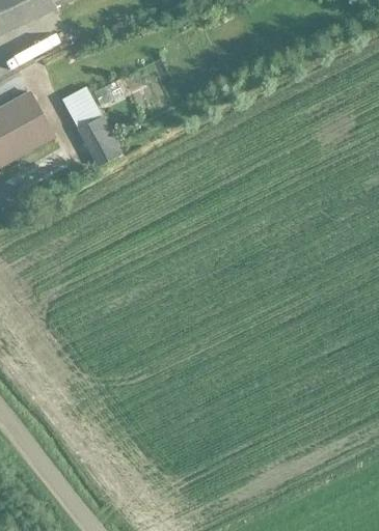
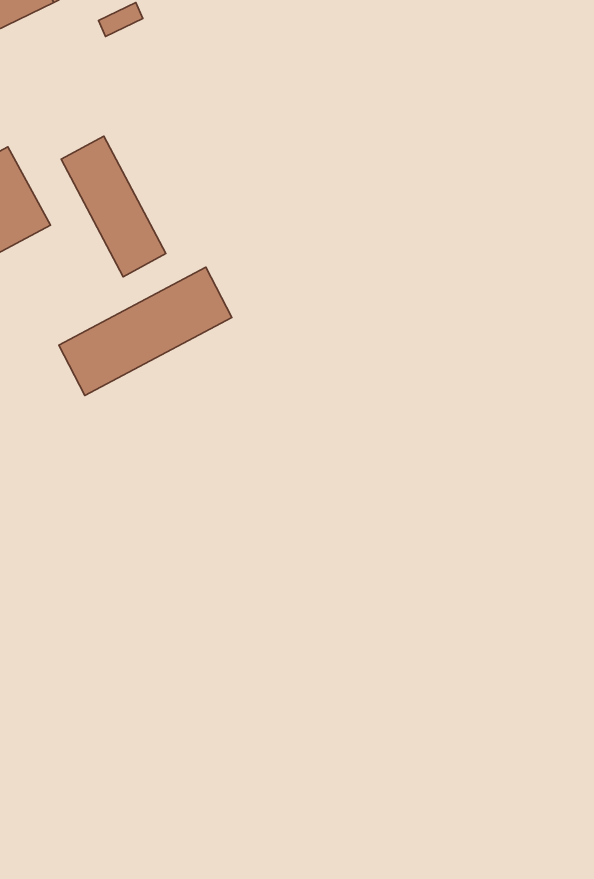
building: none -> [59,267,232,396]

